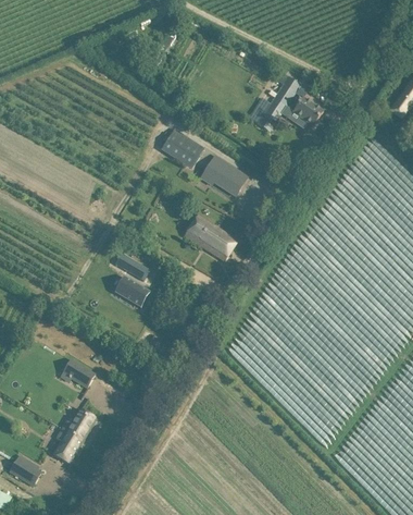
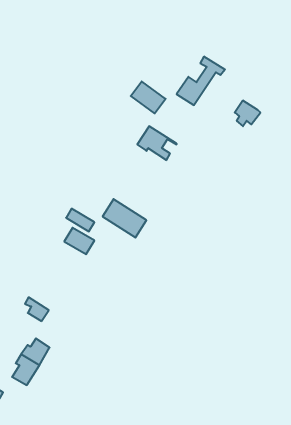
building: [292,98,323,128] -> [235,101,260,126]
building: [172,130,213,168] -> [131,81,166,113]
building: [185,216,237,261] -> [103,199,146,238]

